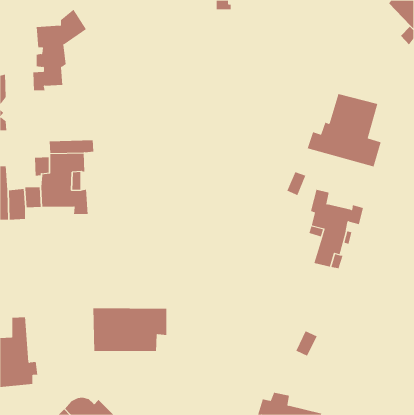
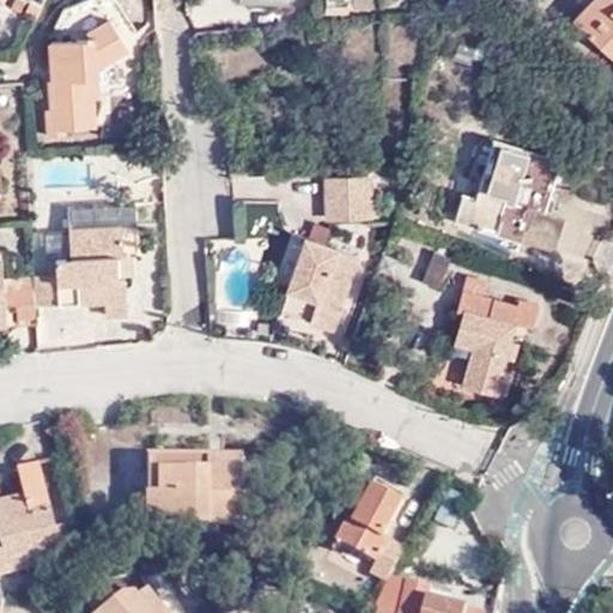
building: none -> [323,174,368,216]
building: none -> [283,236,357,324]
building: none -> [328,485,401,582]

